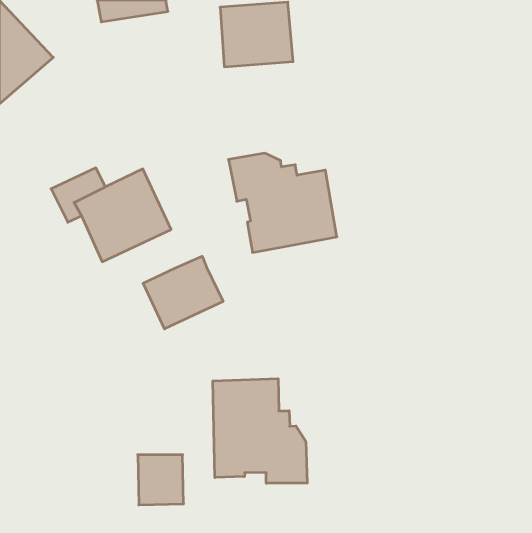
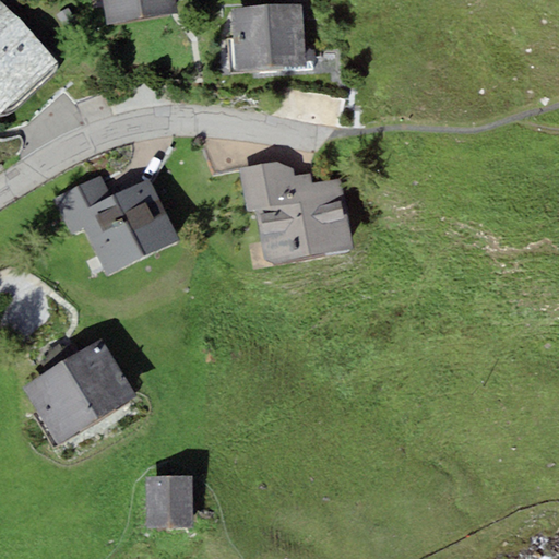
building: [143,256,223,329] -> none
building: none -> [22,337,136,444]
building: [213,379,307,483] -> none

